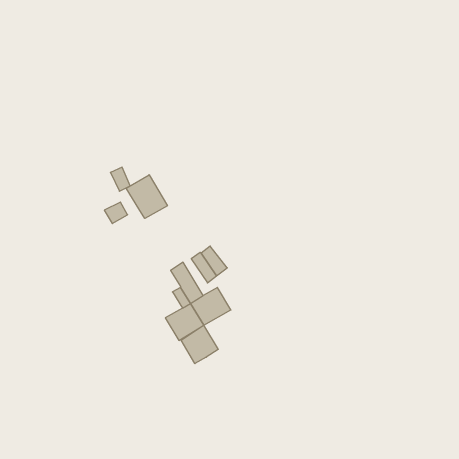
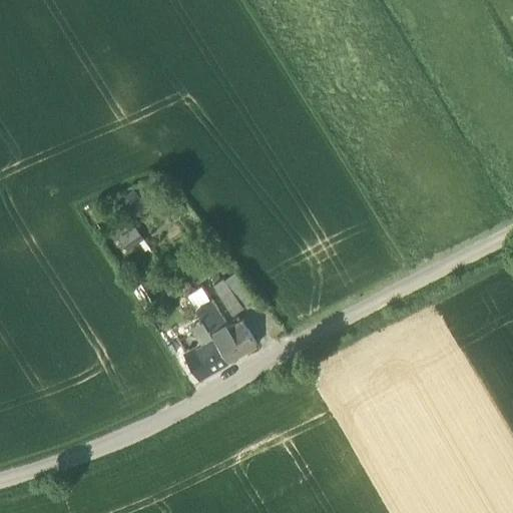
building: [126,175,167,218] -> none
building: [181,325,218,364] -> none

